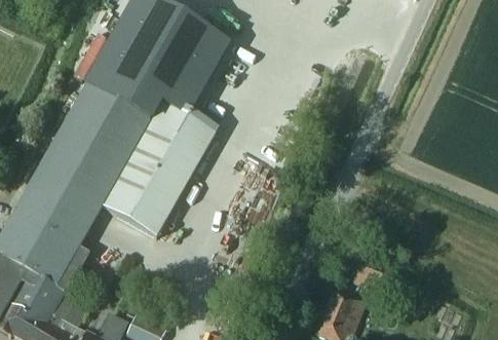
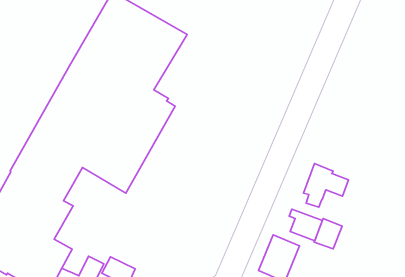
building: none -> [303,164,349,207]
building: none -> [314,218,342,249]

